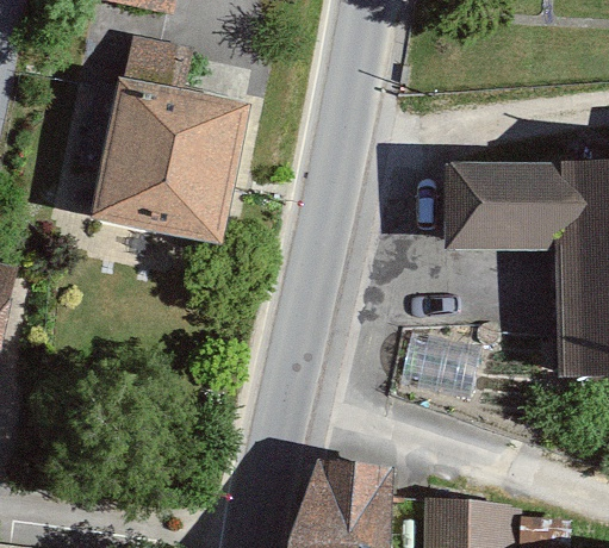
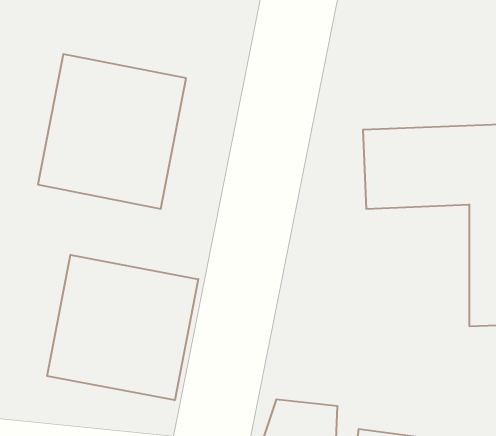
building: none -> [47,255,198,400]

